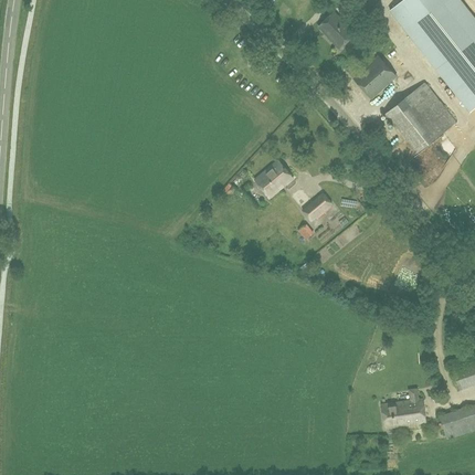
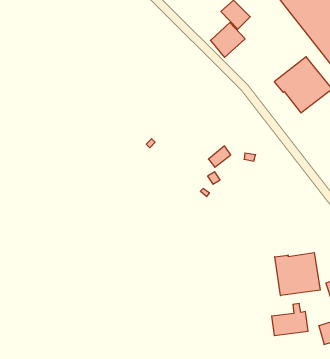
building: [353,55,397,98] -> [210,23,245,57]
building: [255,160,292,196] -> none
building: none -> [275,253,320,296]

